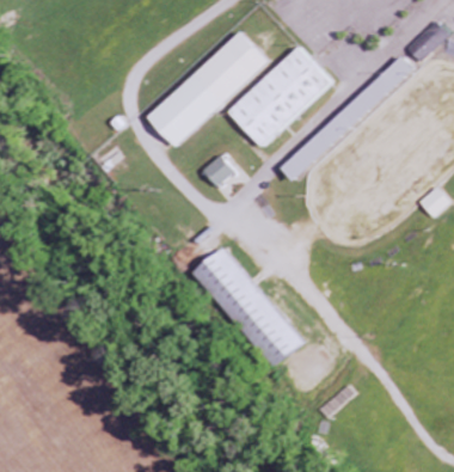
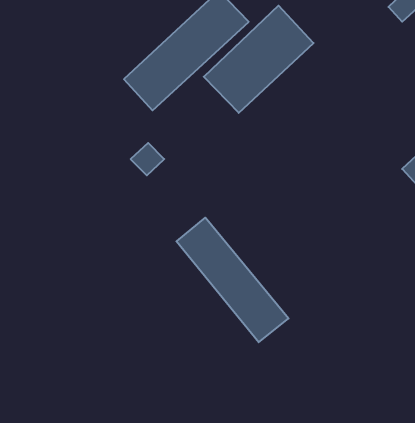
building: [281,56,413,182] -> none
building: [202,155,234,186] -> [131,143,164,175]

